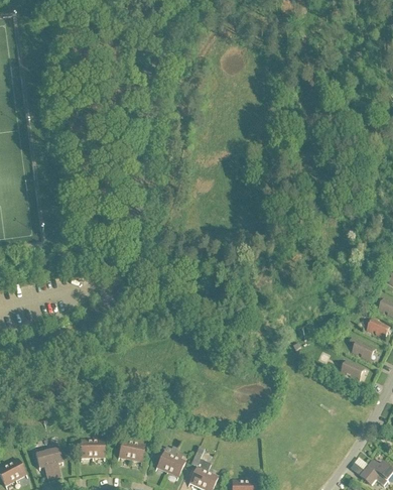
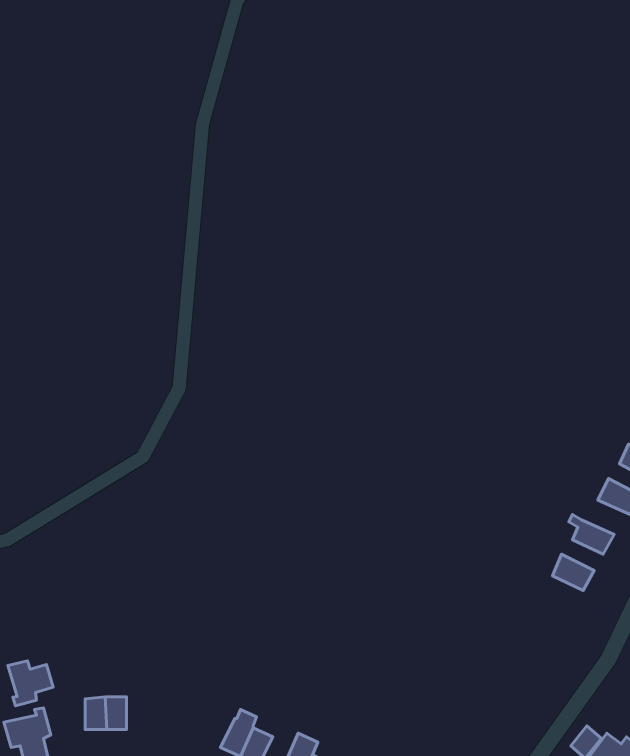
building: none -> [8,661,53,706]
building: [117,440,144,462] -> none

